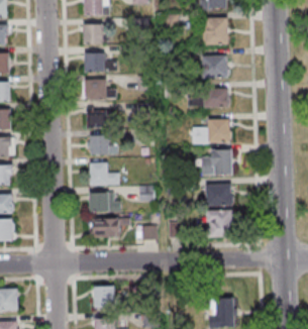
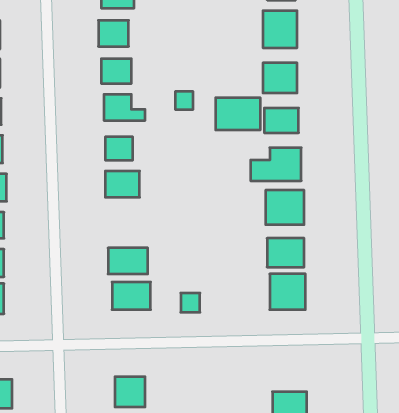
building: none -> [216,98,260,130]
building: [90,162,119,186] -> none

